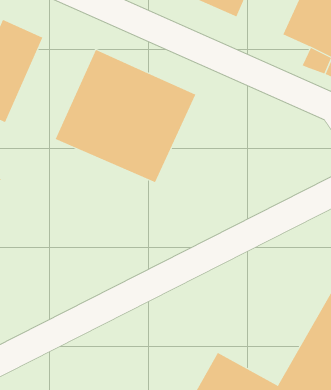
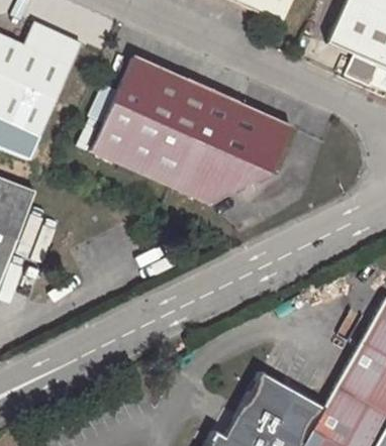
building: none -> [196,103,292,202]

